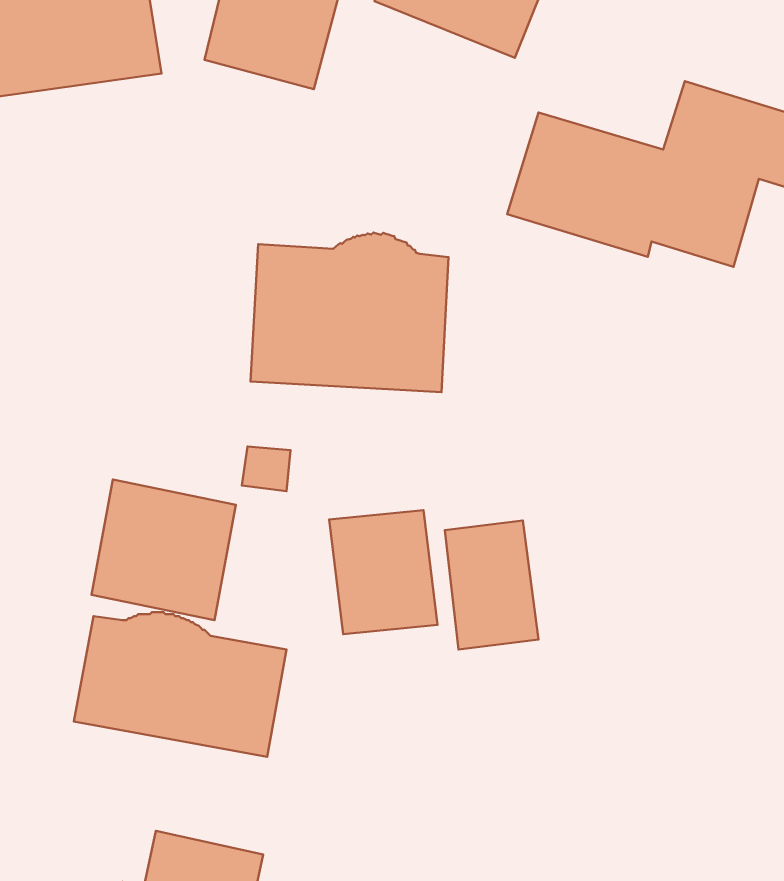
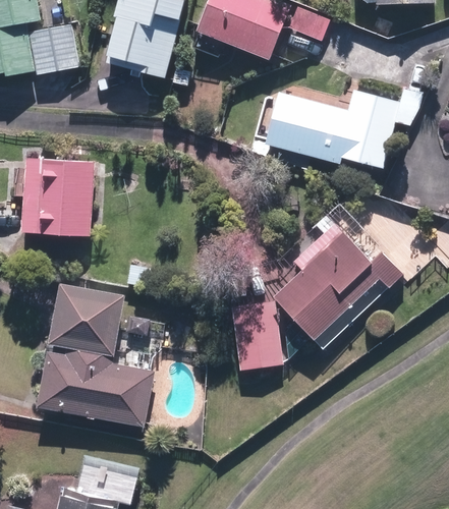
building: [250,233,448,392] -> none
building: none -> [21,158,92,235]
building: none -> [272,215,403,350]
building: [329,510,437,634] -> none

